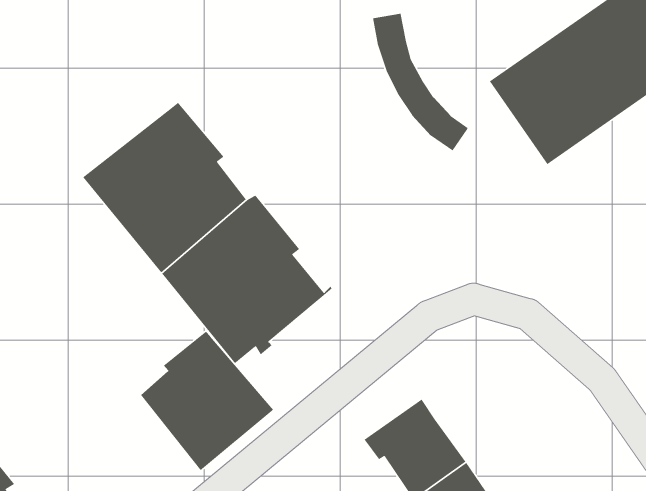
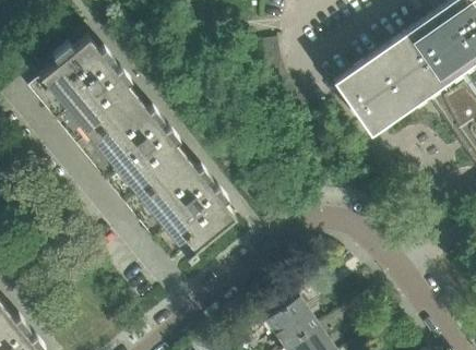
building: none -> [31,35,133,143]
building: [140,331,274,471] -> none

